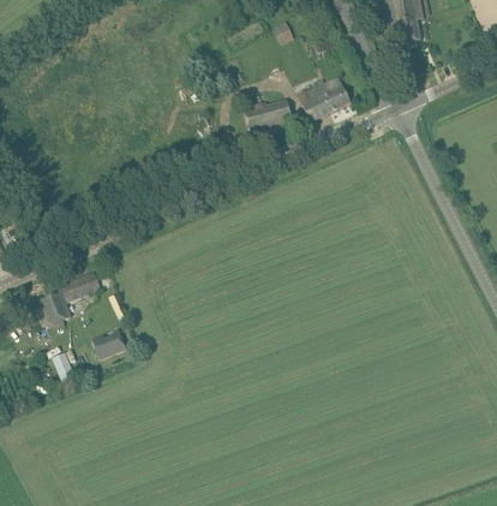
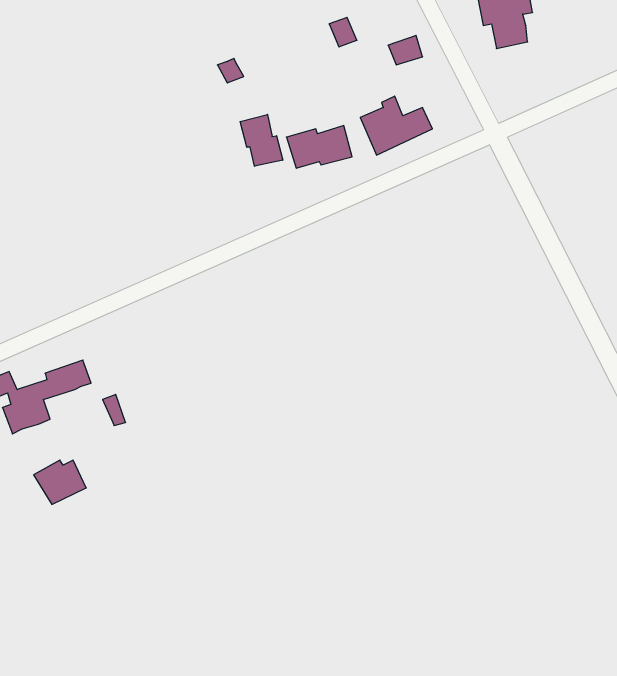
building: none -> [240,114,283,166]
building: [91,329,126,358] -> none

